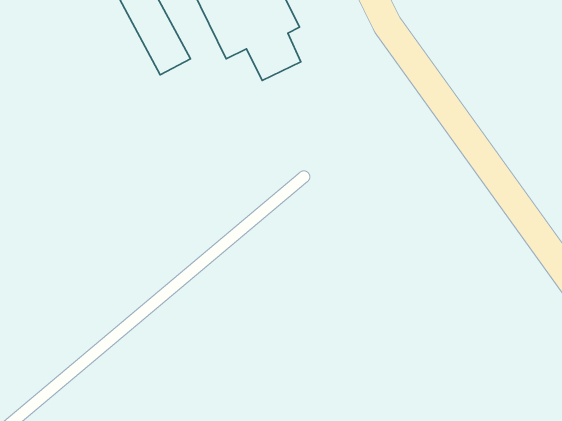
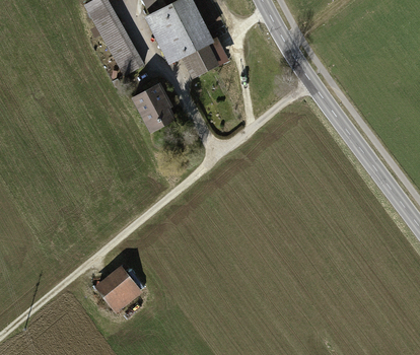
building: none -> [131,81,177,133]
building: none -> [92,265,141,312]

